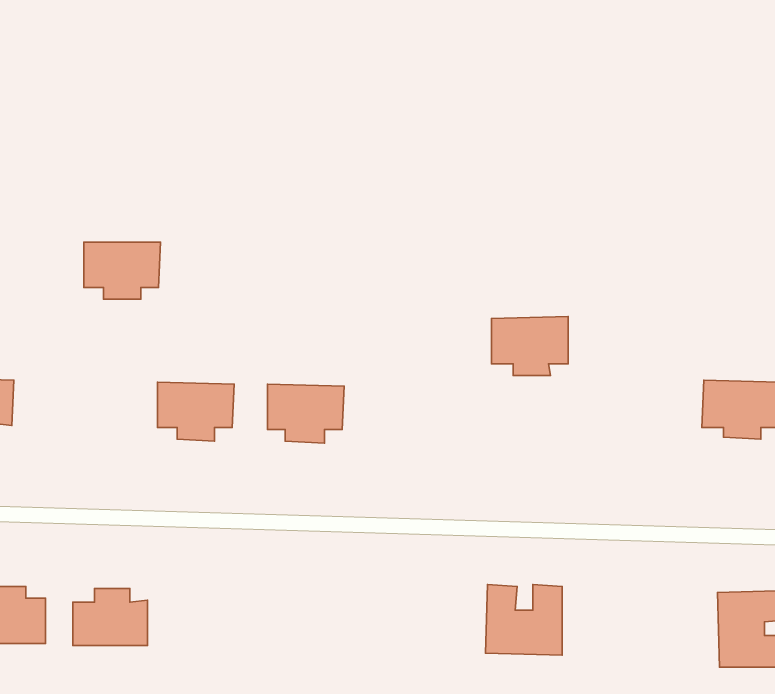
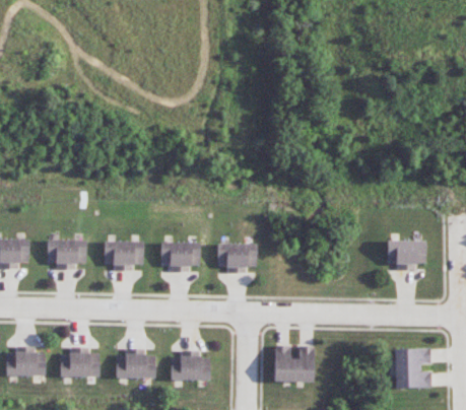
building: [84,242,160,299] -> [48,240,87,269]
building: [492,317,568,375] -> [217,243,257,273]
building: none -> [117,349,156,378]
building: none -> [172,350,210,380]

